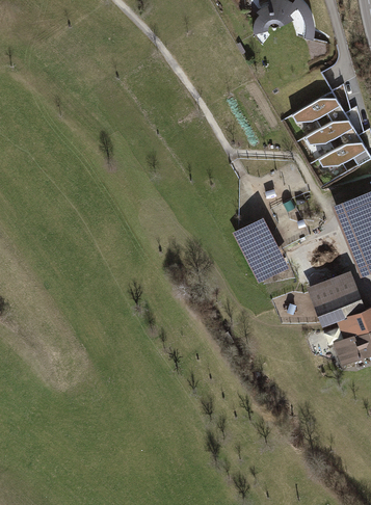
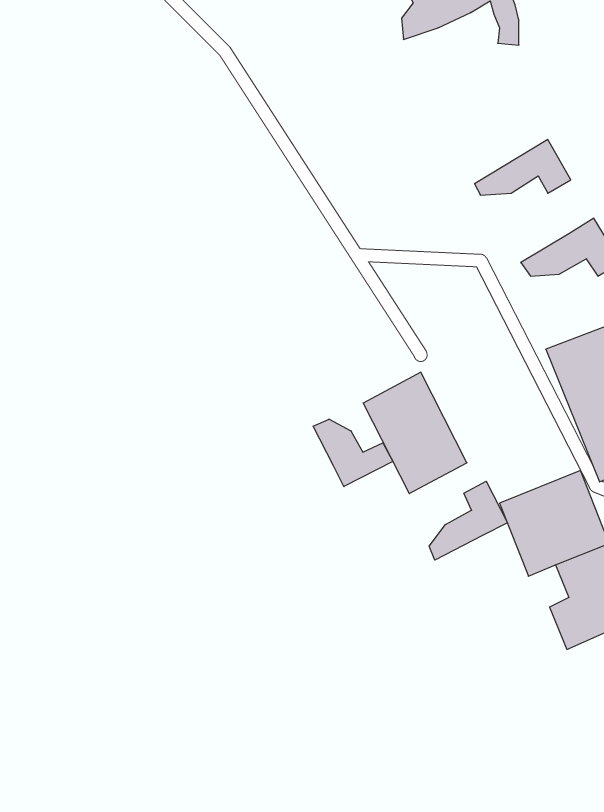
building: [306,113,357,142] -> none
building: none -> [313,419,393,487]
building: none -> [429,481,507,560]

